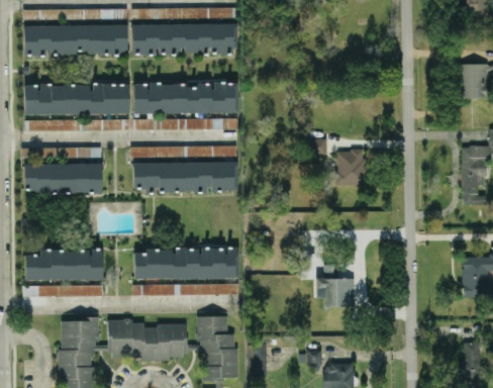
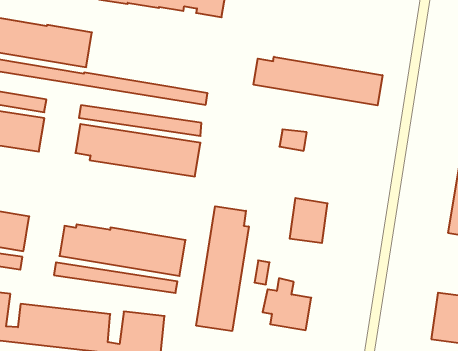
building: none -> [254,57,382,105]
building: [133,83,238,113] -> none
building: [336,151,366,186] -> [290,198,328,243]
building: none -> [196,206,249,331]

